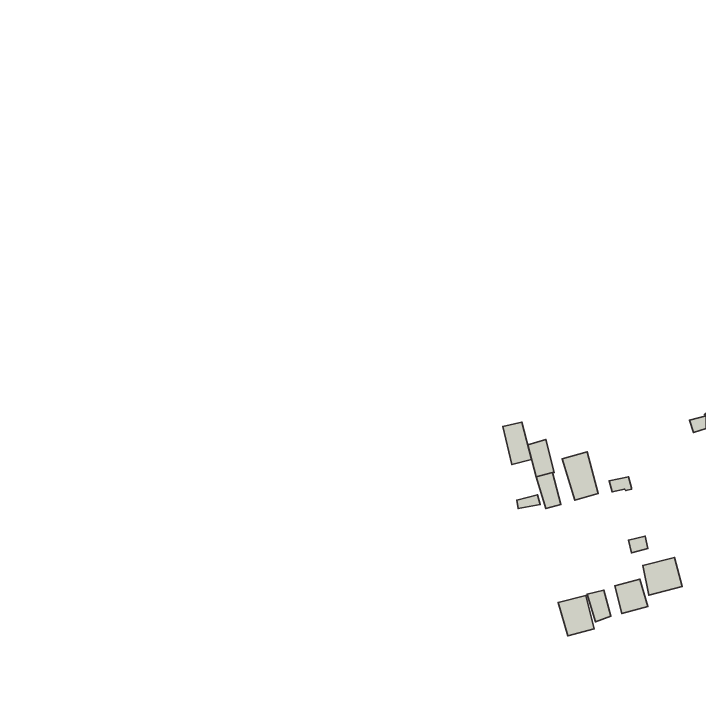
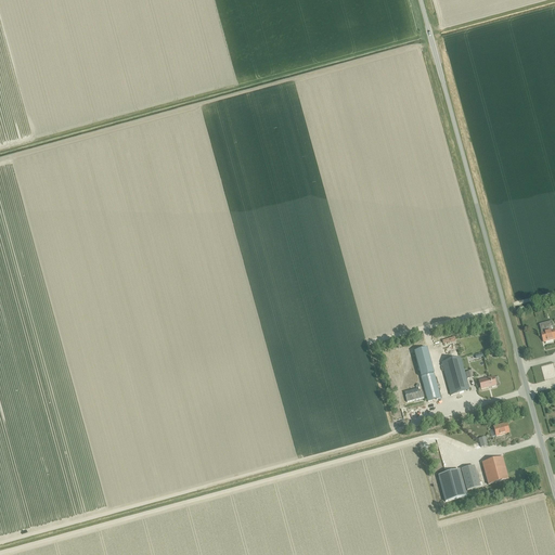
building: [503,422,532,465] -> none
building: [643,557,682,595] -> none

